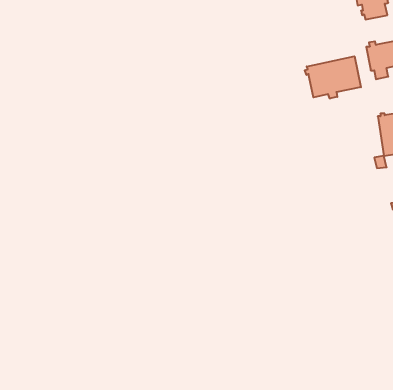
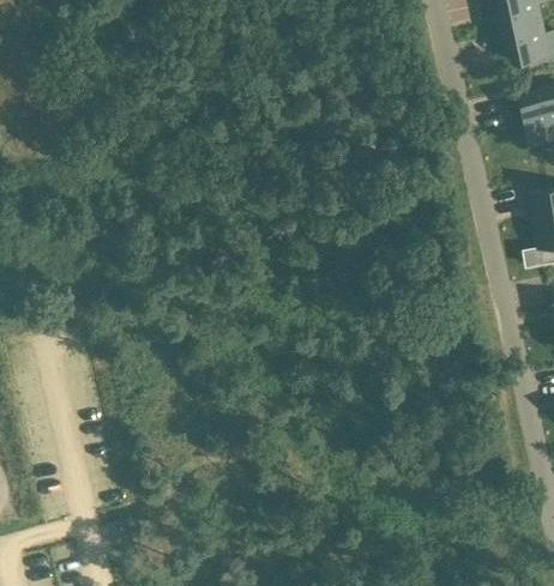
building: [305,56,361,99] -> none

